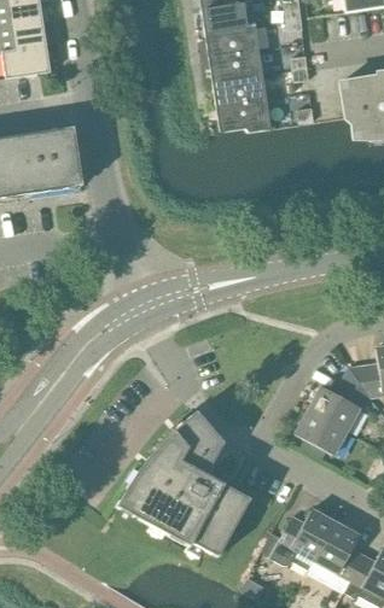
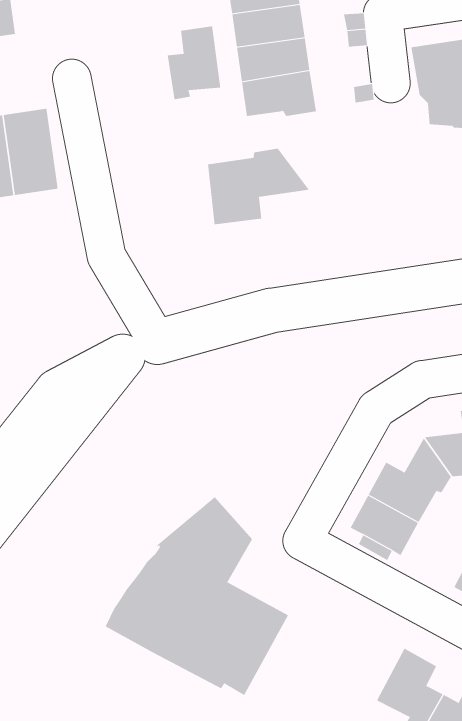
building: none -> [167,25,221,100]
building: none -> [207,148,310,225]
building: [261,508,336,569] -> none

